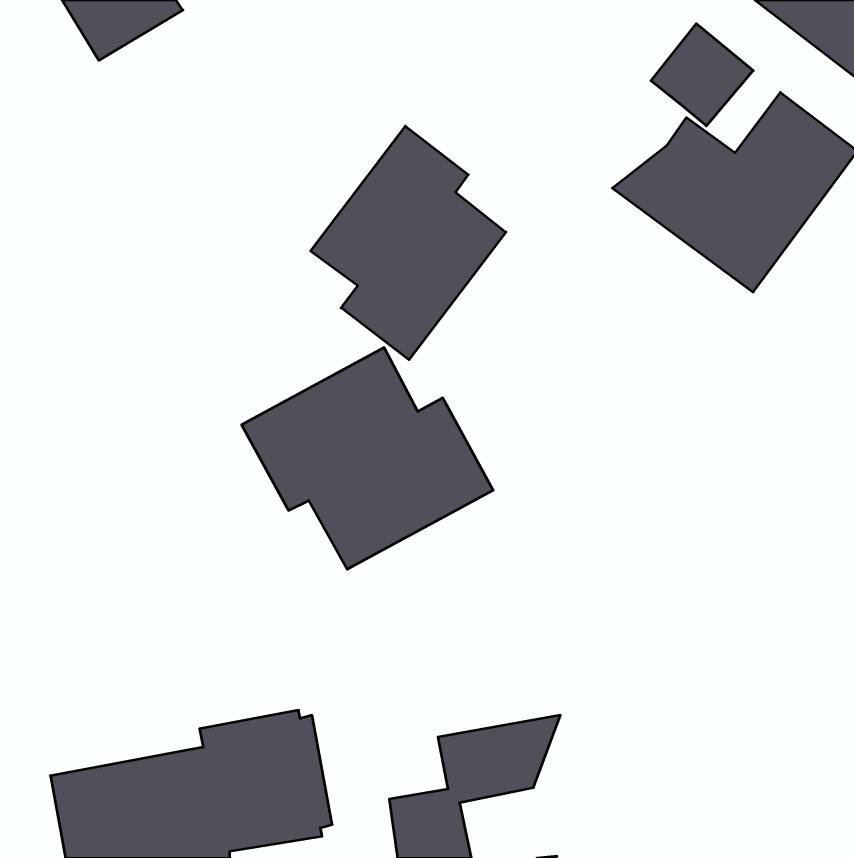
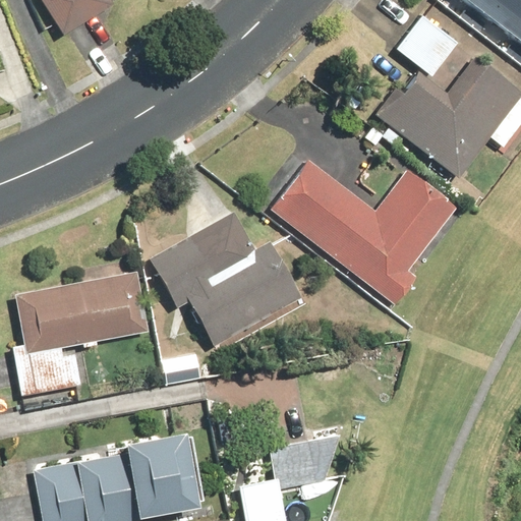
building: [311,126,506,360] -> none
building: none -> [270,159,458,304]
building: none -> [13,270,151,396]

